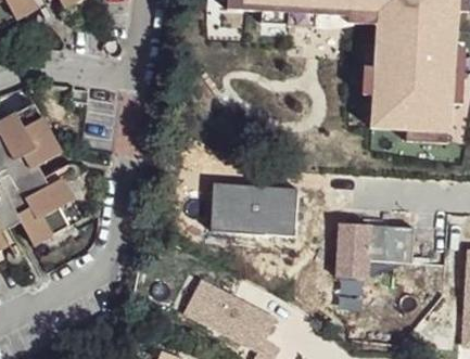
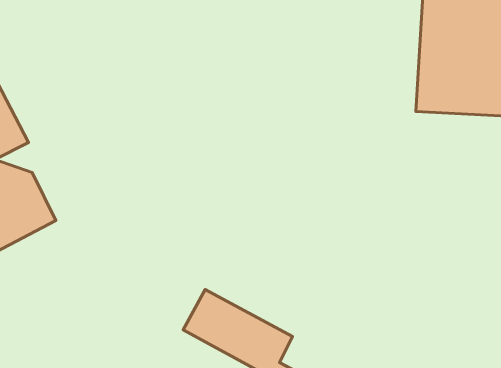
building: [212,181,301,234] -> none
building: [335,222,412,275] -> none

